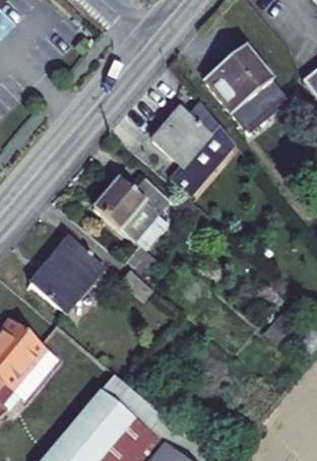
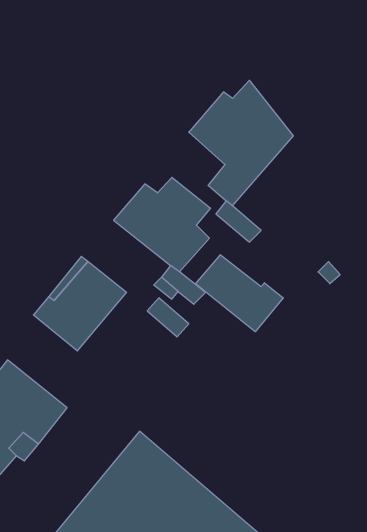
building: [201,44,283,129] -> none
building: none -> [195,255,283,332]

